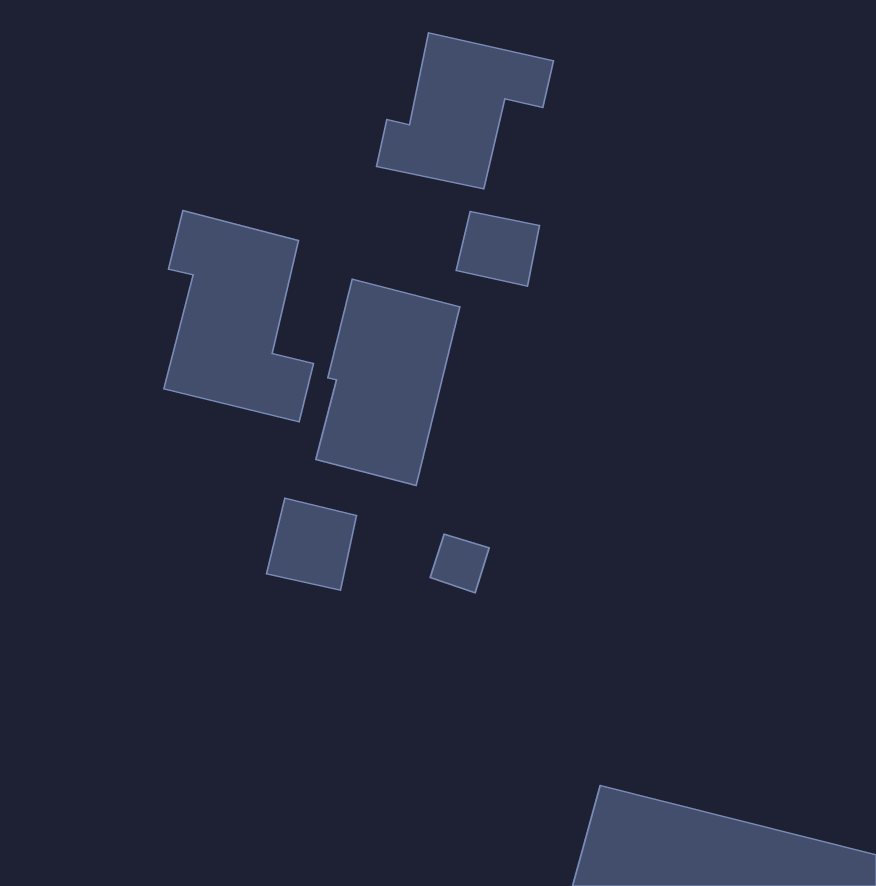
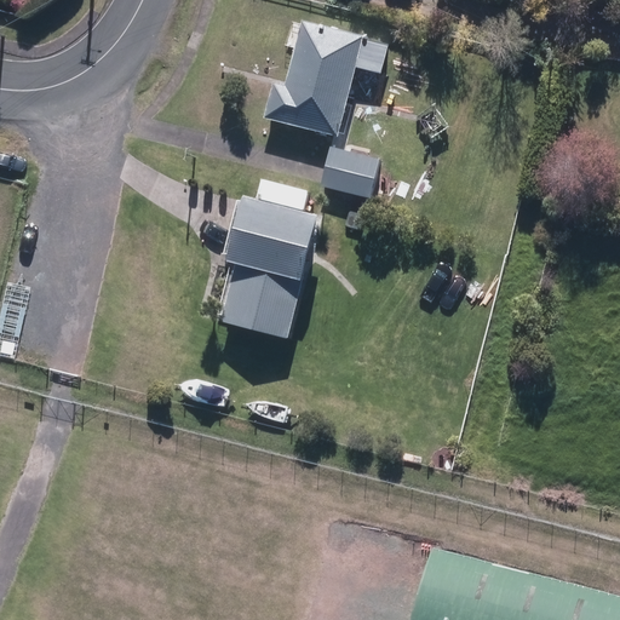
building: [164,211,314,422] -> none
building: [266,498,356,590] -> none

